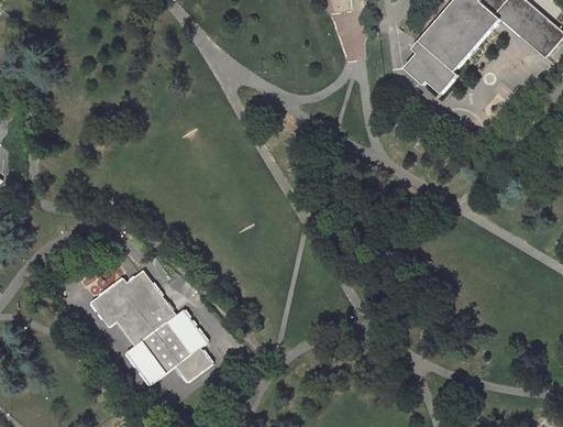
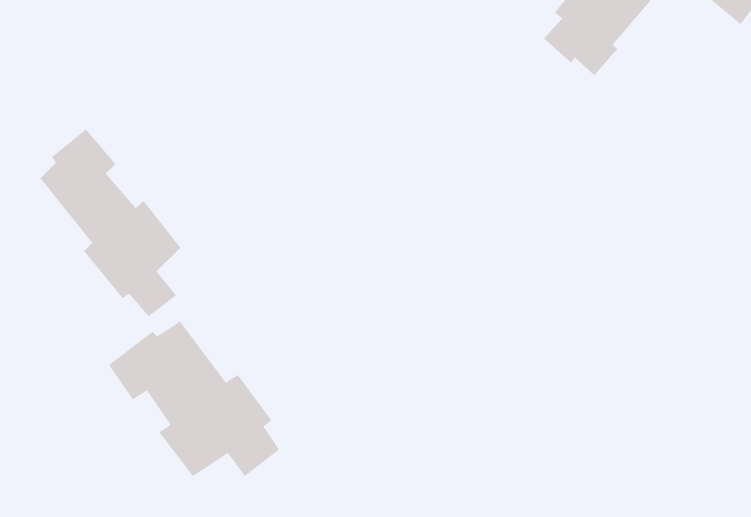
building: none -> [39,129,181,317]

